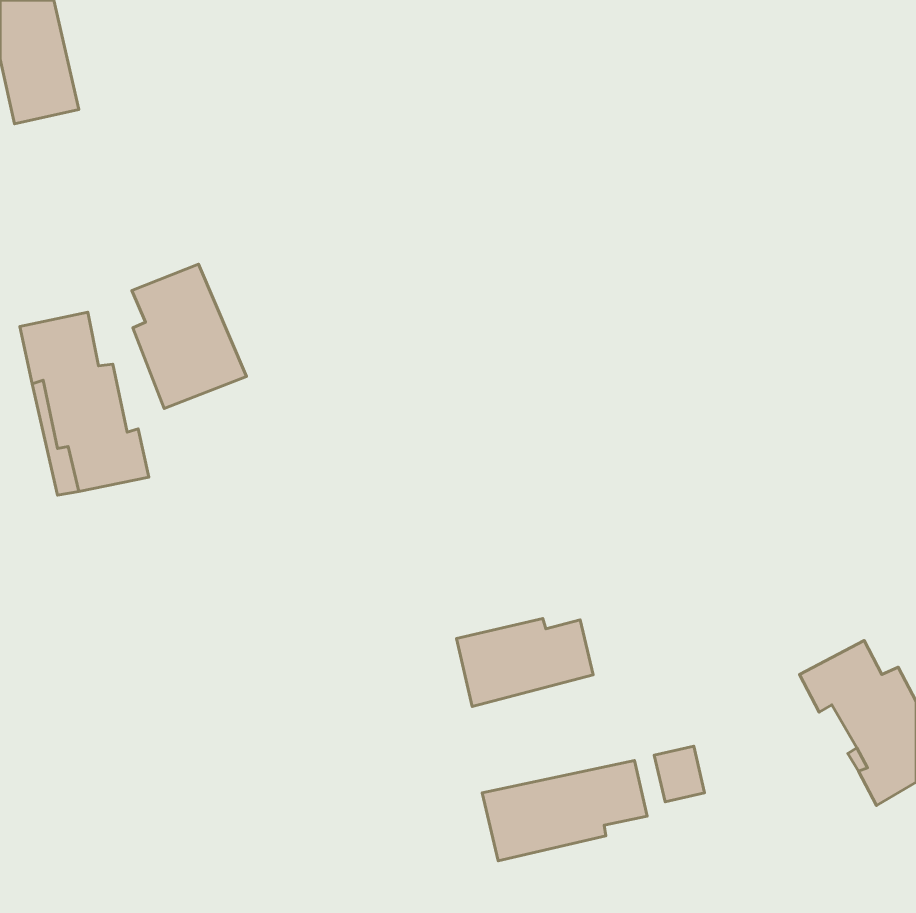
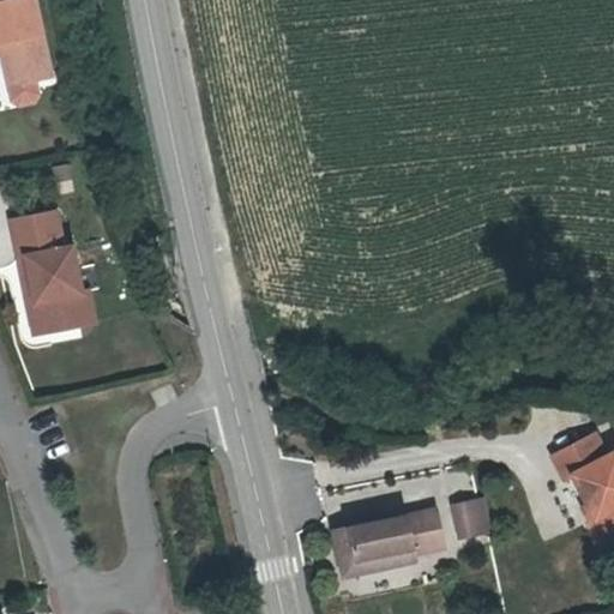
building: [132,264,246,408] -> none
building: [456,618,593,706] -> none

